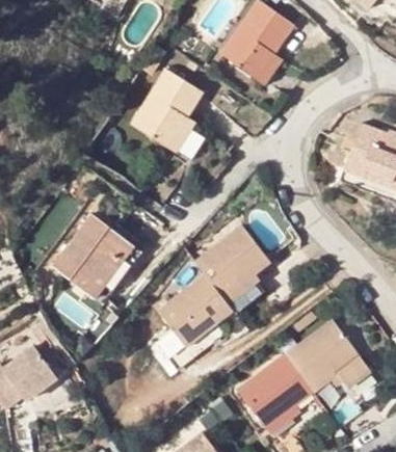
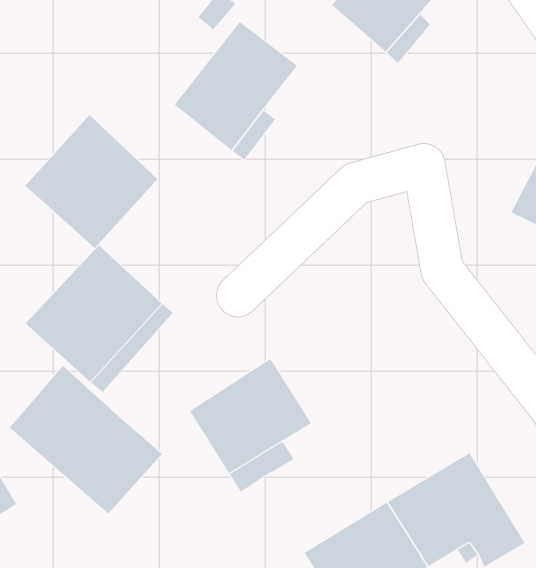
building: none -> [24,114,158,249]
building: [194,223,270,312] -> none
building: none -> [9,365,163,515]

